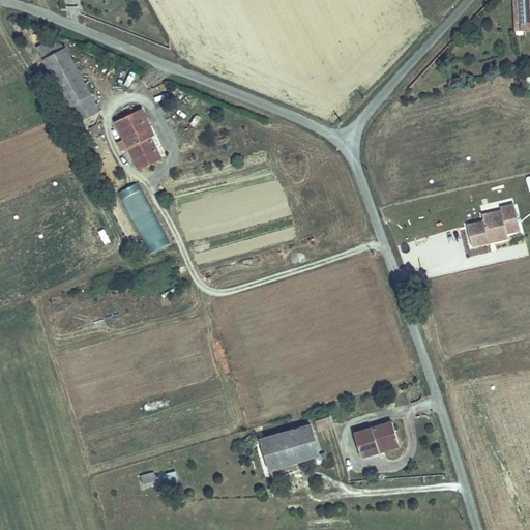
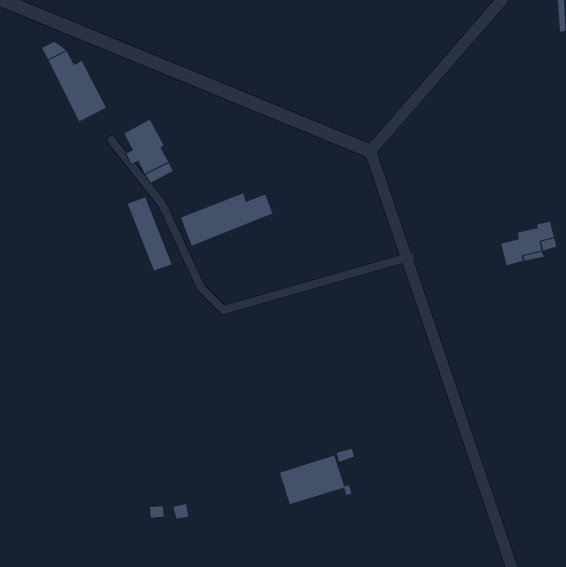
building: none -> [180,192,273,247]
building: [353,421,400,460] -> none

